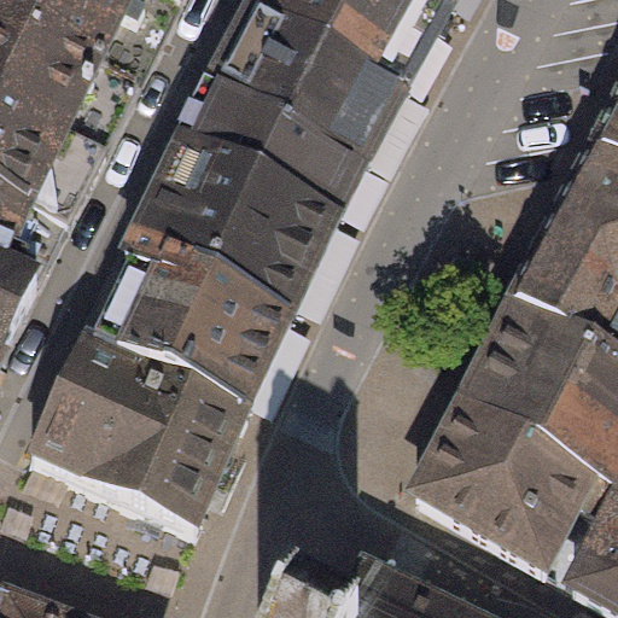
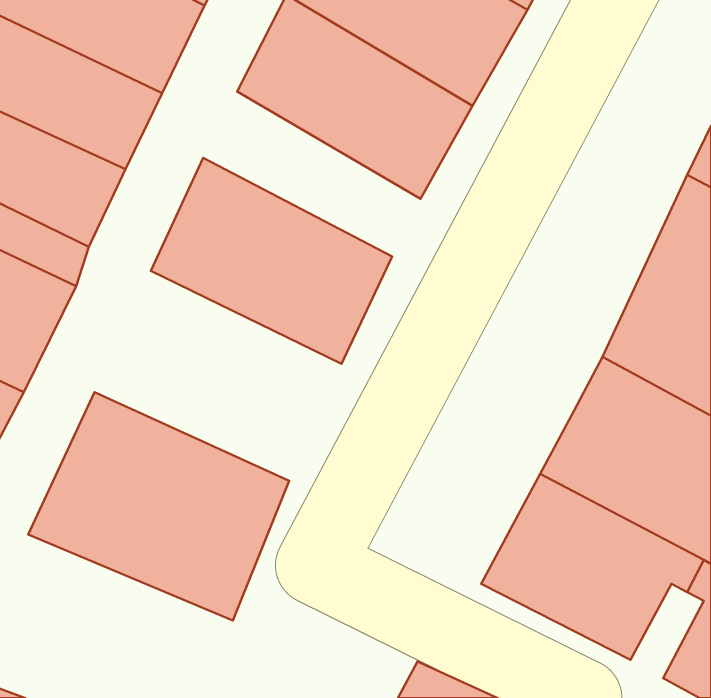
building: [174,78,360,220] -> none
building: [81,232,292,412] -> none

